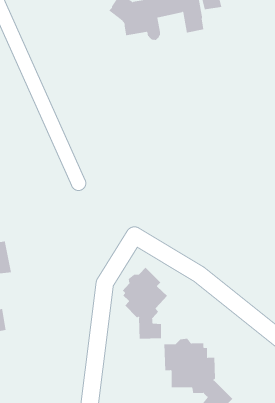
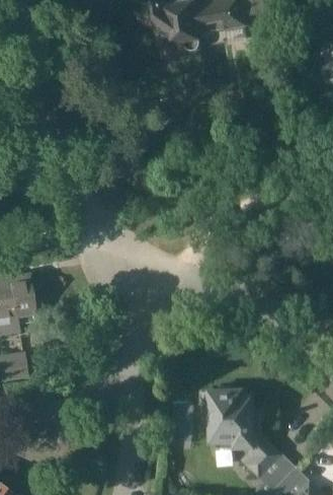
building: [122,267,168,340] -> none

